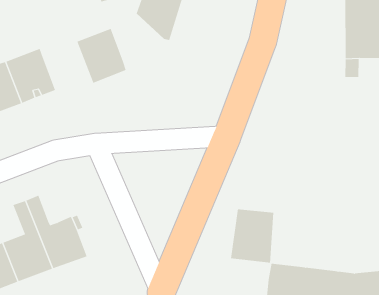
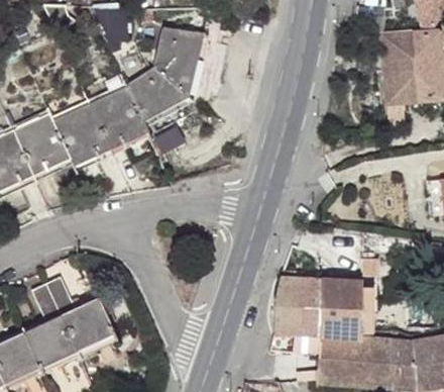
building: none -> [126,68,185,121]
building: none -> [52,103,110,166]
building: none -> [320,278,370,336]

